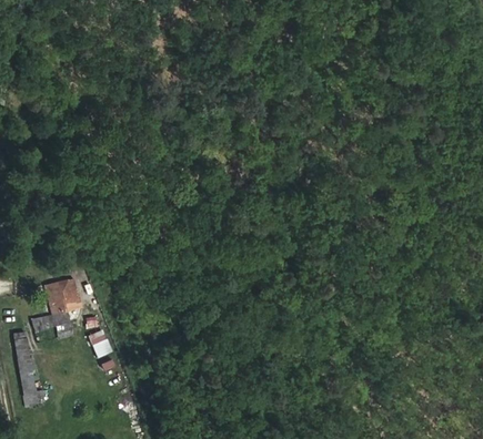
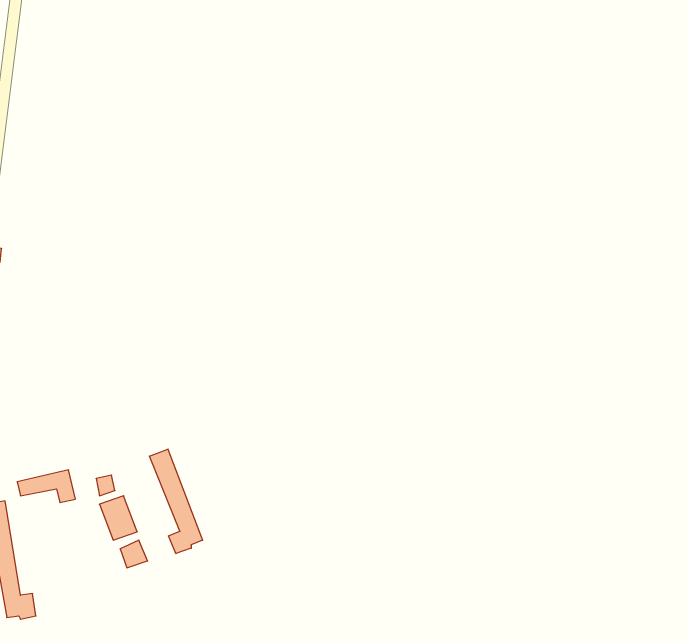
building: [46,278,81,312] -> none
building: none -> [149,449,203,554]

